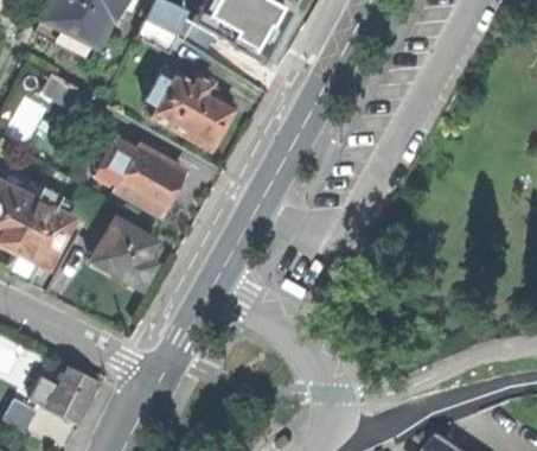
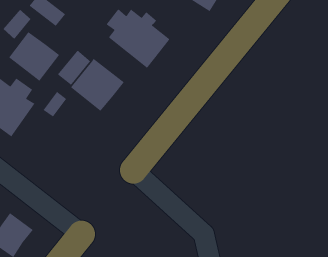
building: none -> [8,31,60,82]
building: [91,220,161,286] -> none

